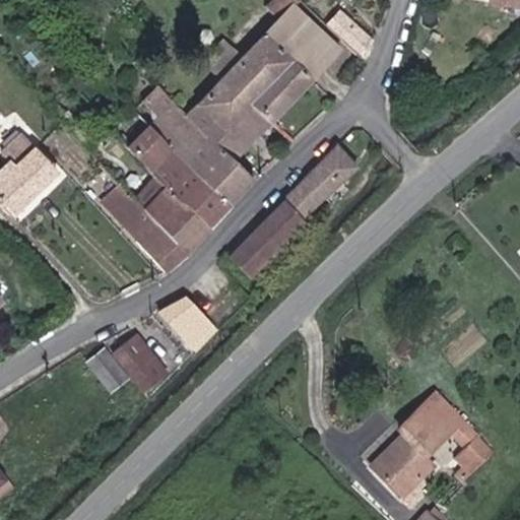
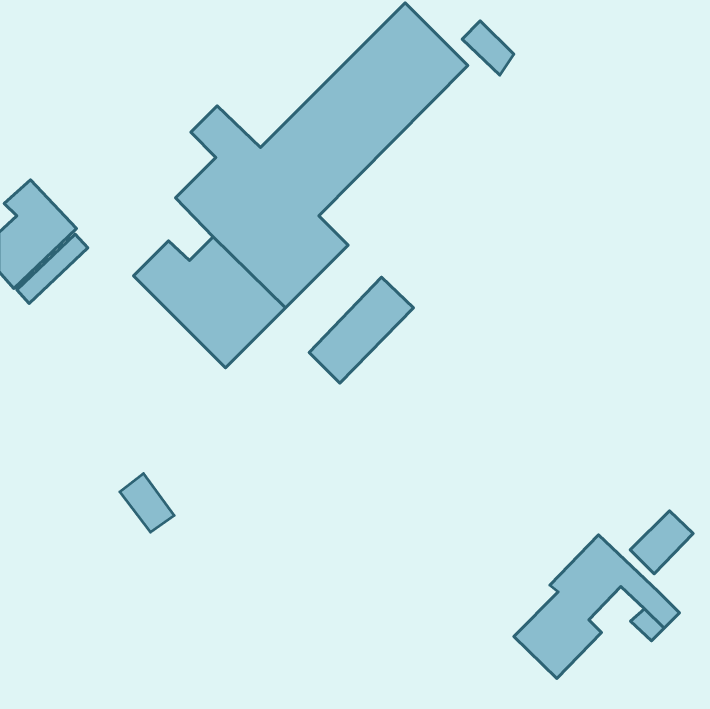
building: [278,149,355,226] -> none
building: [156,298,212,348] -> none
building: [115,335,167,391] -> none
building: none -> [630,511,693,574]

